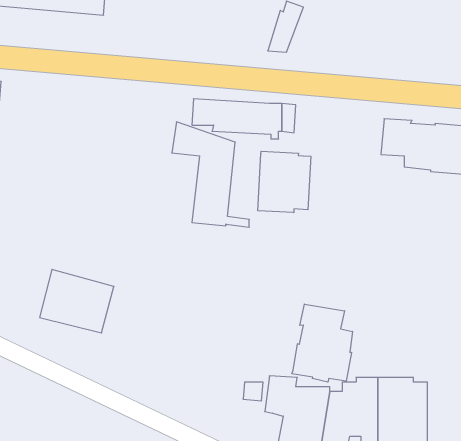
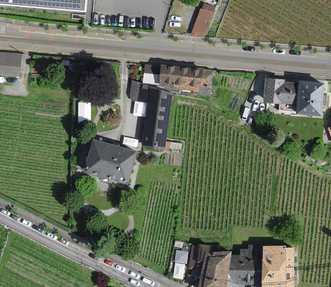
building: [258,151,311,213] -> none
building: [40,269,114,333] -> [86,140,134,181]
building: [292,304,353,382] -> none

